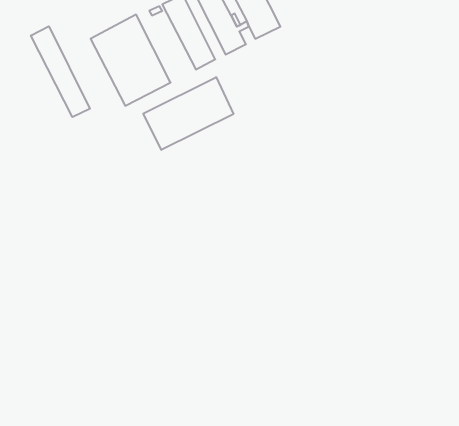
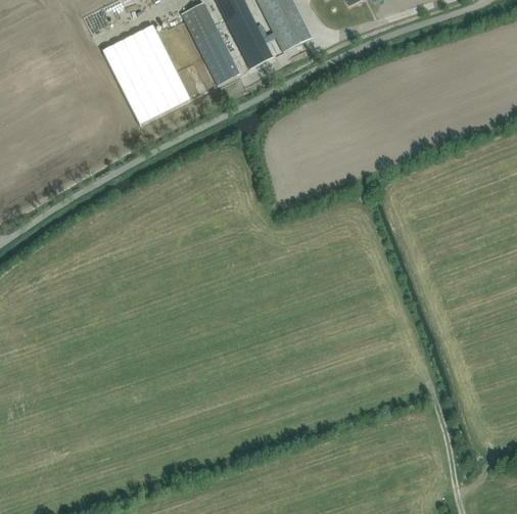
building: [31,26,90,117] -> none
building: [143,77,233,150] -> none

